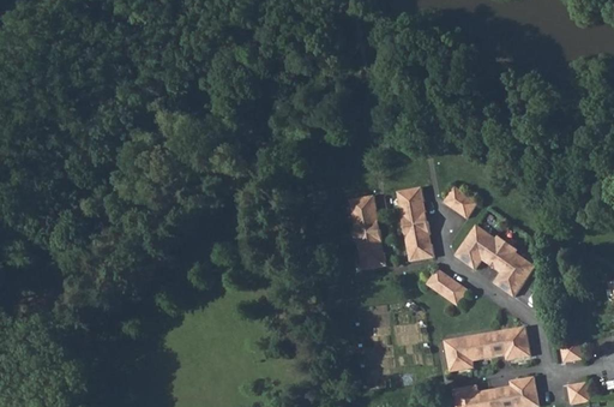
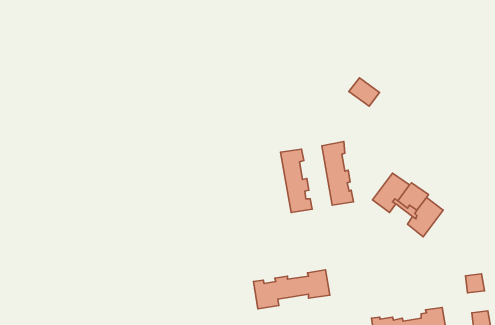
building: [444,186,478,219] -> [349,78,380,106]
building: [426,265,466,303] -> none
building: [445,325,531,370] -> [254,270,330,309]

